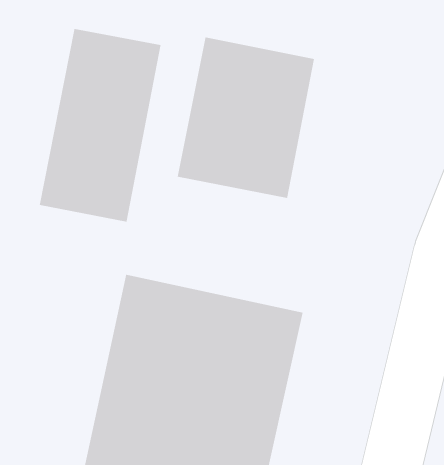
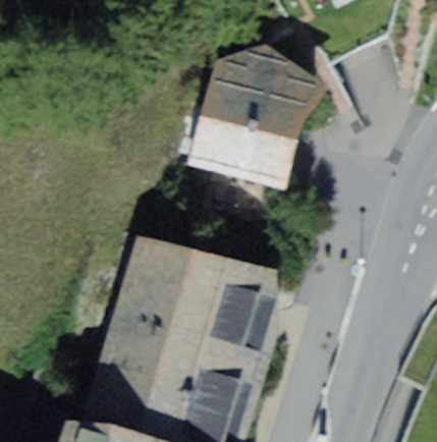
building: [39,28,161,223] -> none

